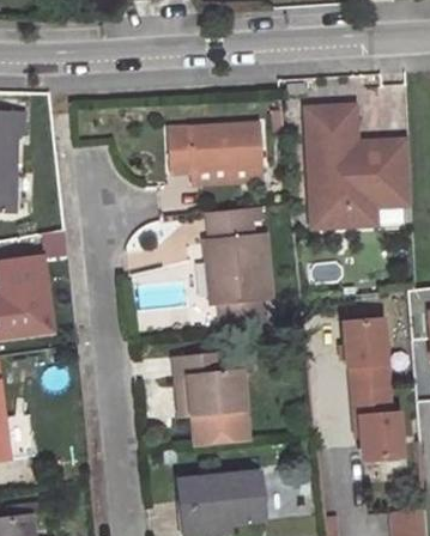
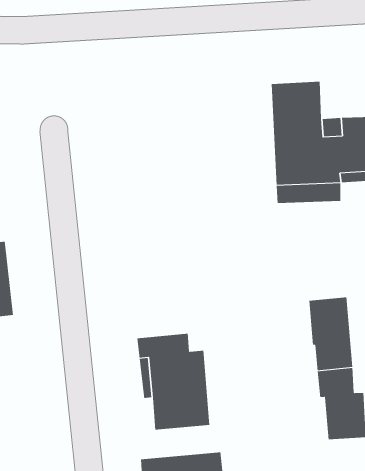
building: [169,122,264,183] -> none
building: [204,209,267,329] -> none

